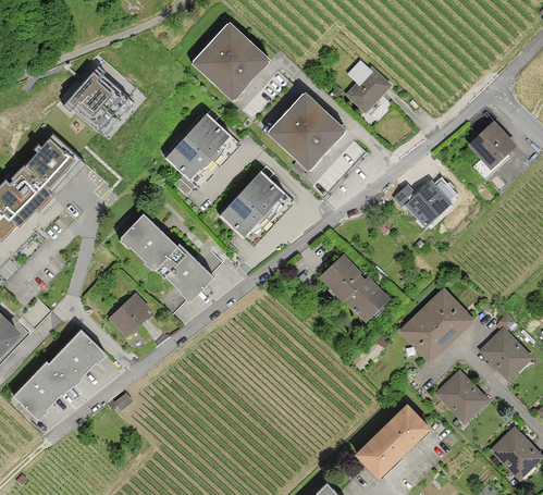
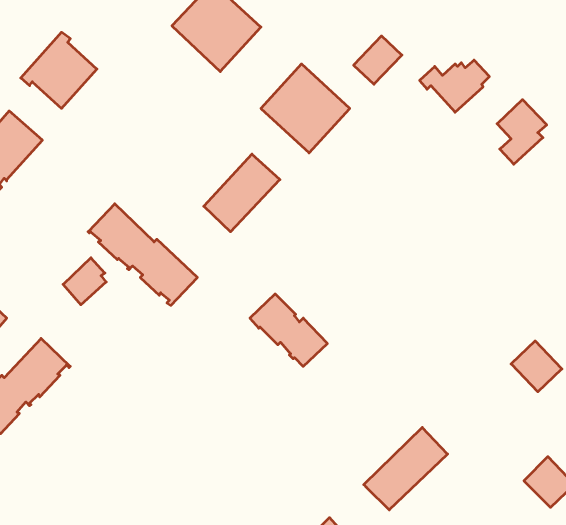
building: [165,113,231,181] -> none
building: [395,181,455,225] -> [420,60,489,112]
building: [321,257,387,319] -> [250,294,327,366]
building: [403,292,471,359] -> none
building: [111,295,148,335] -> [63,258,106,305]
building: [439,373,482,421] -> none

